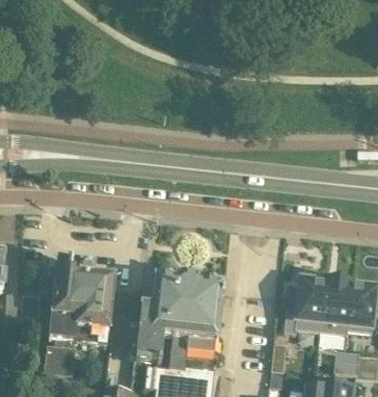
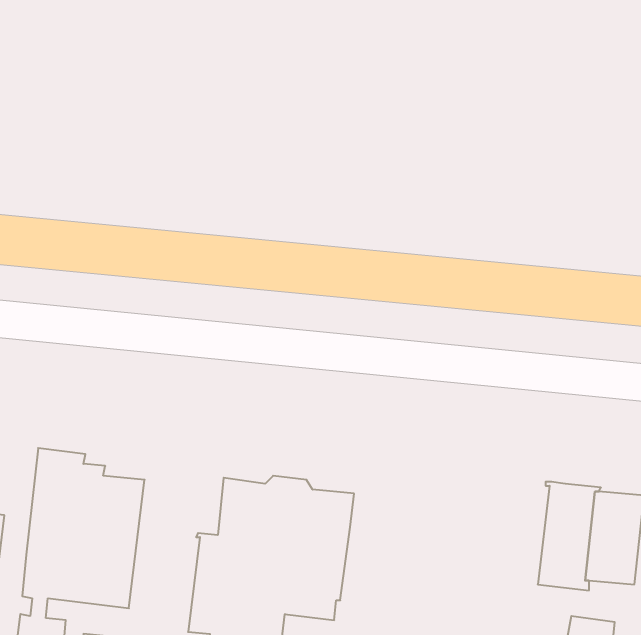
building: [285,276,327,333] -> none

